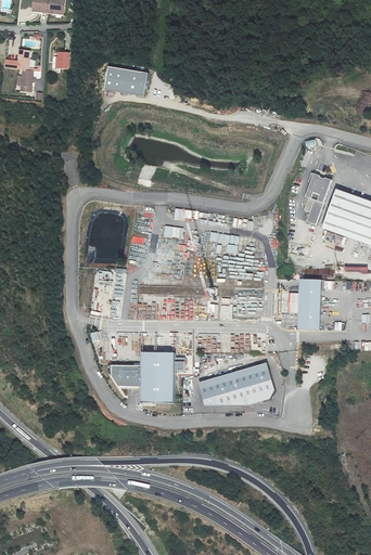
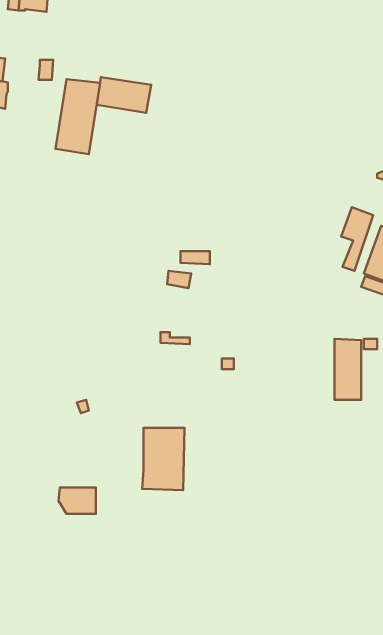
building: none -> [56,79,100,154]
building: [197,361,273,404] -> none
building: [111,364,141,386] -> [59,487,96,514]

